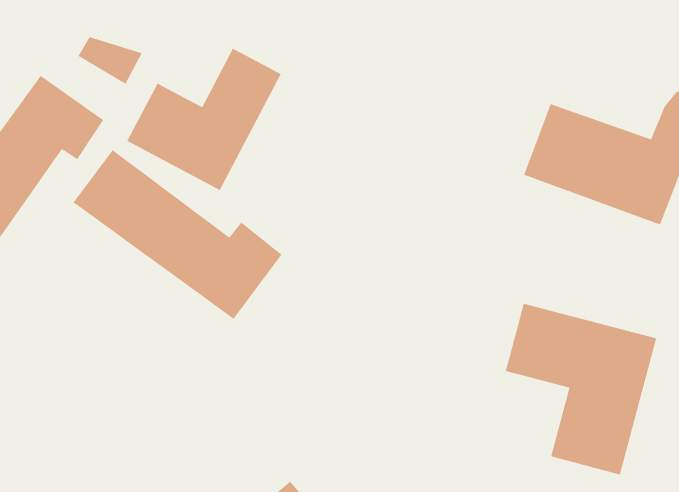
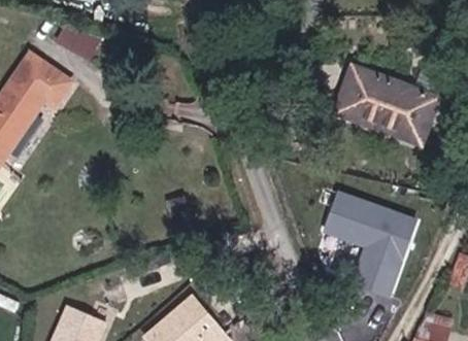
building: [126,47,282,191] -> none
building: [73,149,283,320] -> none

